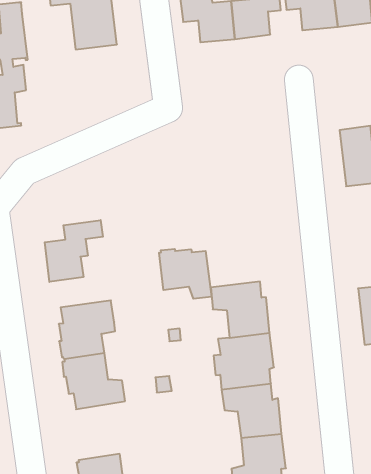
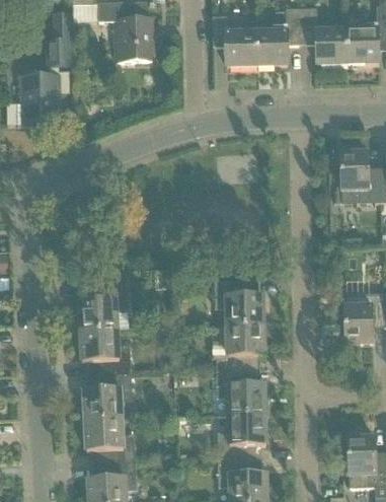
building: [45,220,103,282] -> none
building: [159,249,212,299] -> none
building: none -> [82,372,132,420]

